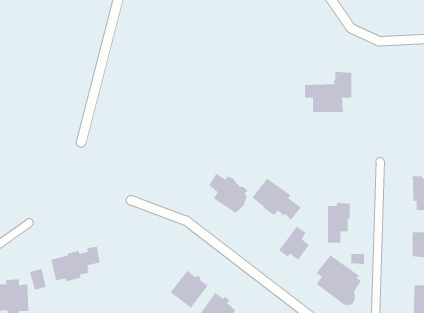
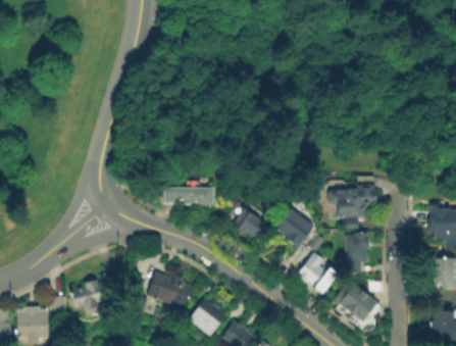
building: [304,72,352,112] -> [326,177,374,217]
building: none -> [164,188,214,208]
building: none -> [147,271,193,306]

